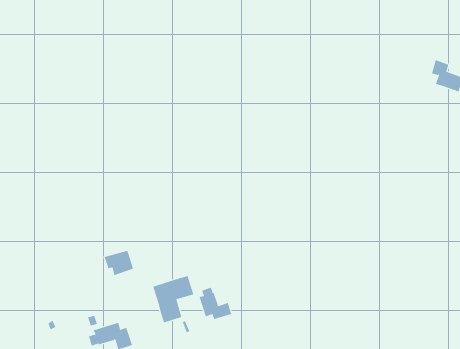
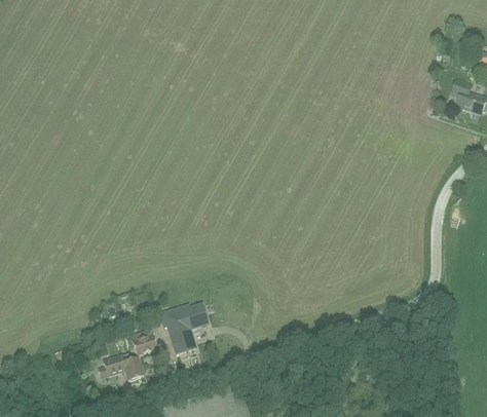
building: [104,250,134,276] -> [125,328,156,354]
building: [199,287,232,320] -> none

